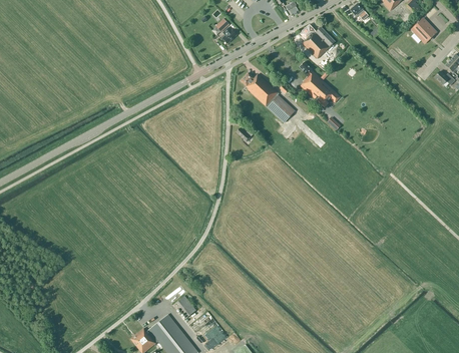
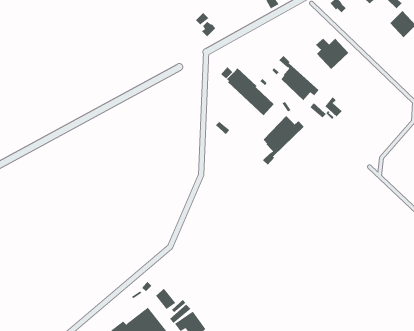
building: [301,26,335,58] -> [315,38,349,70]
building: none -> [262,115,304,165]

